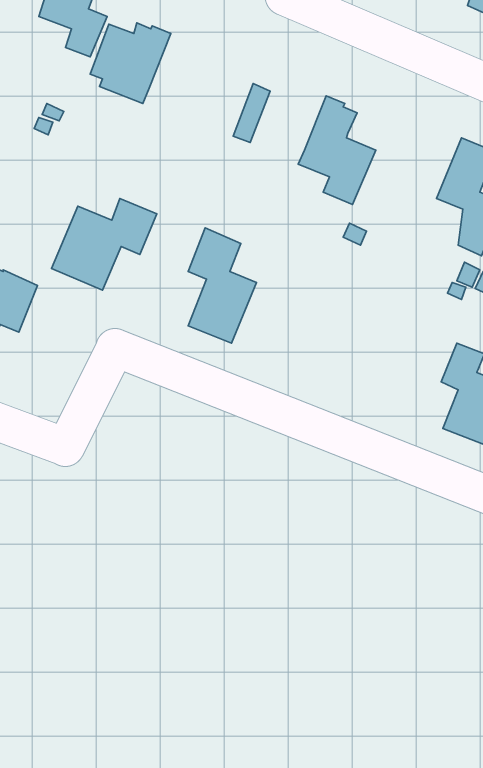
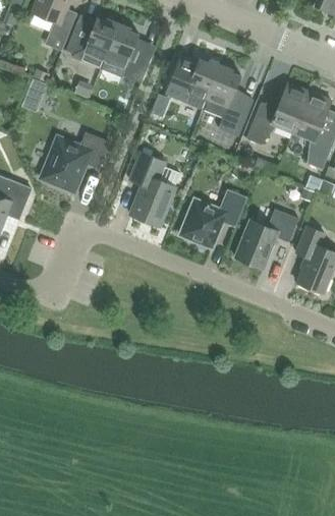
building: none -> [104,23,152,82]
building: none -> [180,58,220,109]
building: none -> [245,82,309,144]
building: none -> [179,188,246,247]
building: none -> [234,209,297,268]

